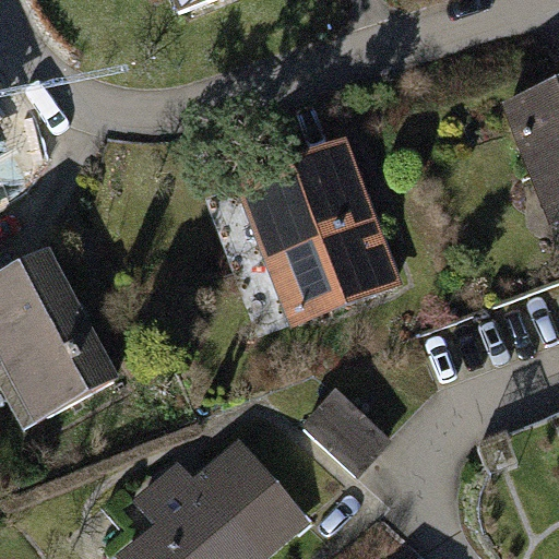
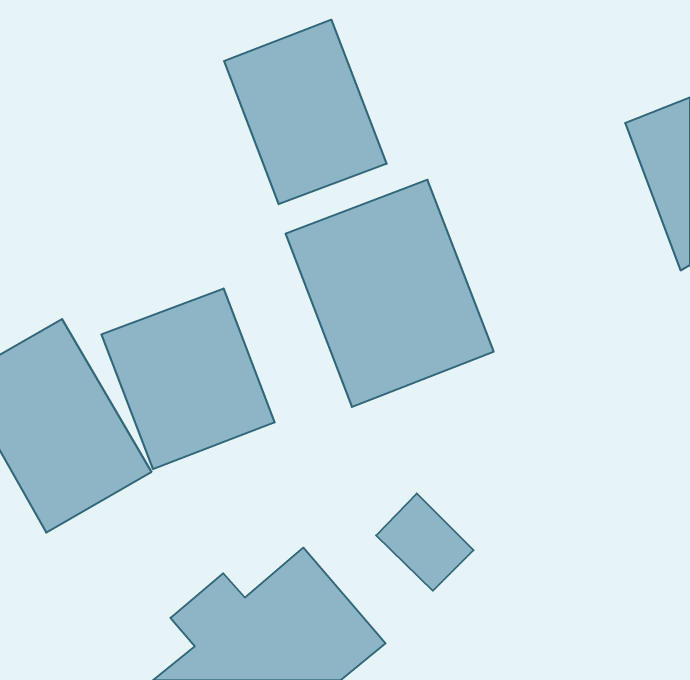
building: none -> [224,20,387,204]
building: none -> [101,288,275,469]

